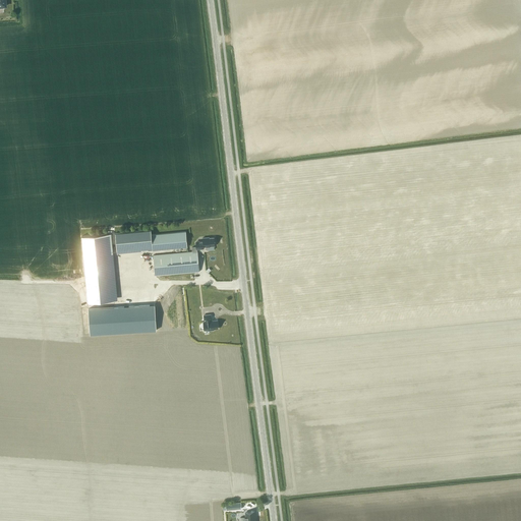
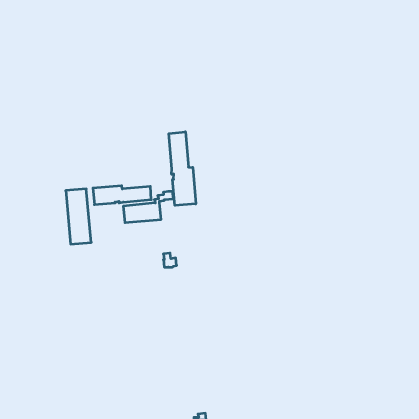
building: none -> [169,132,196,205]
building: [90,303,153,334] -> none

